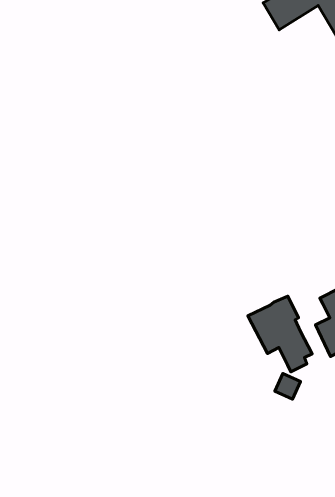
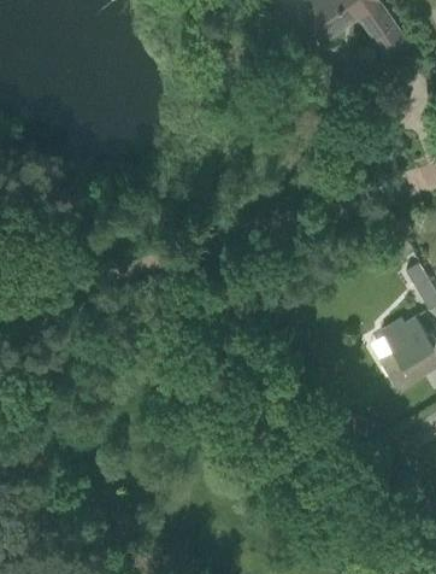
building: [248,296,312,372] -> none

